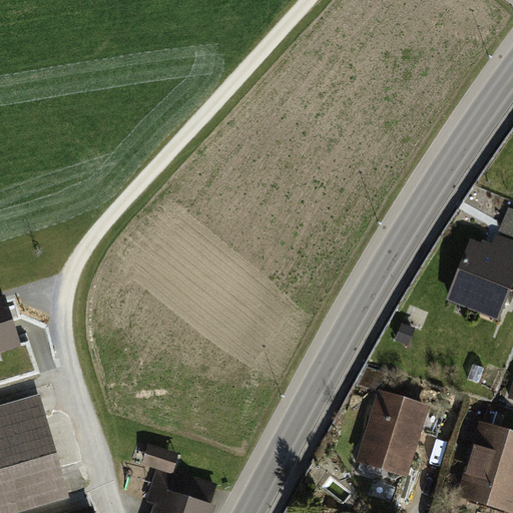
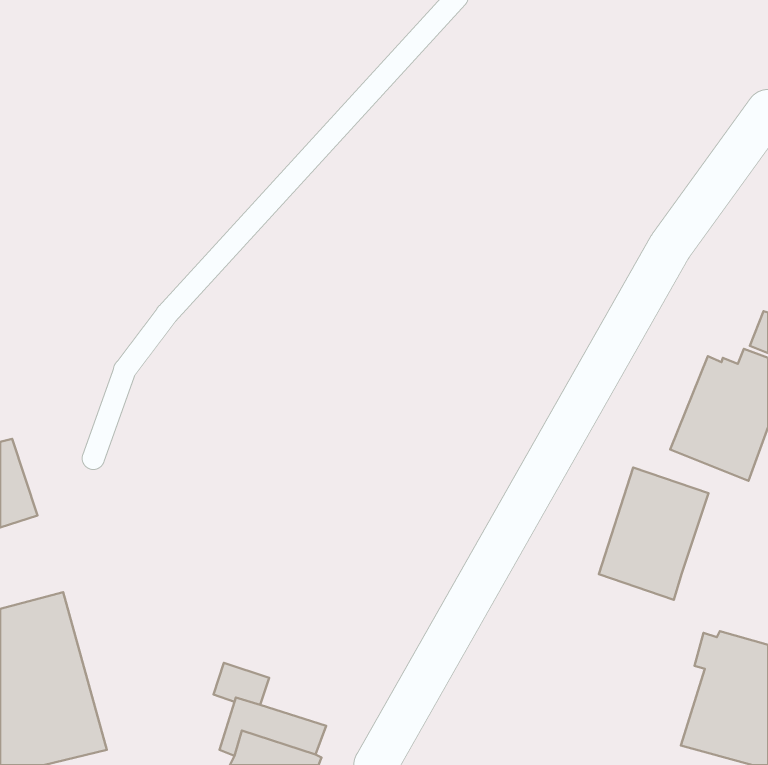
building: [356,390,429,478] -> [599,468,708,600]

